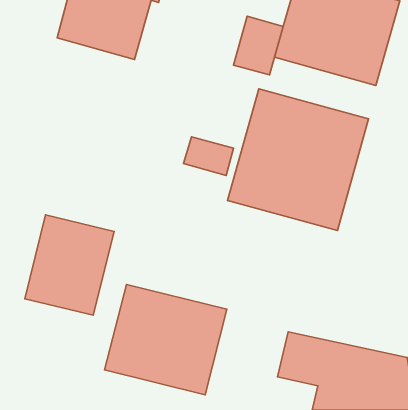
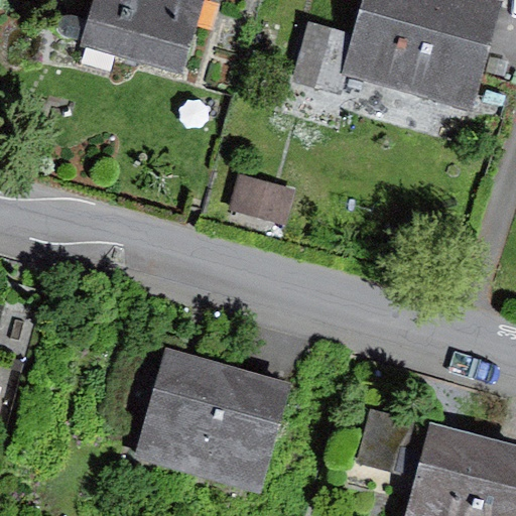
building: [228,89,368,230] -> none
building: [25,215,114,315] -> none

